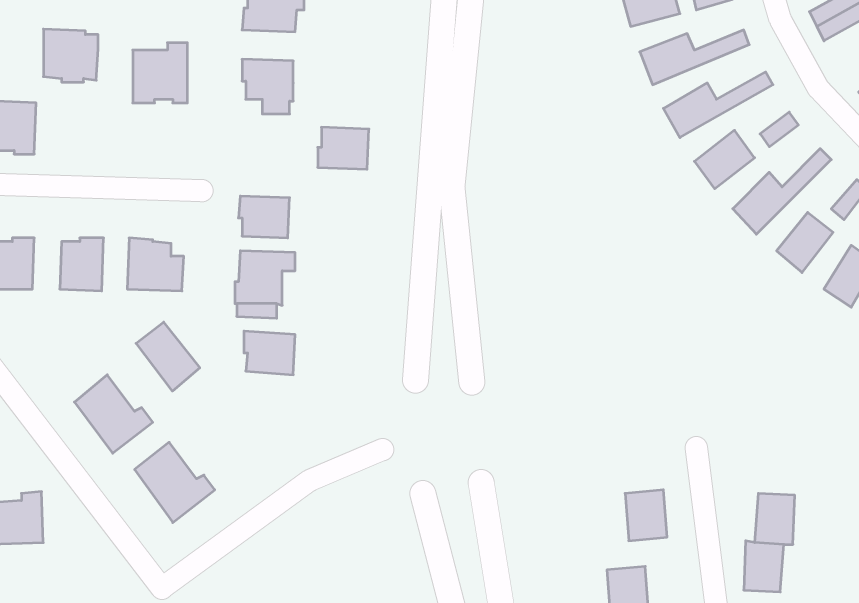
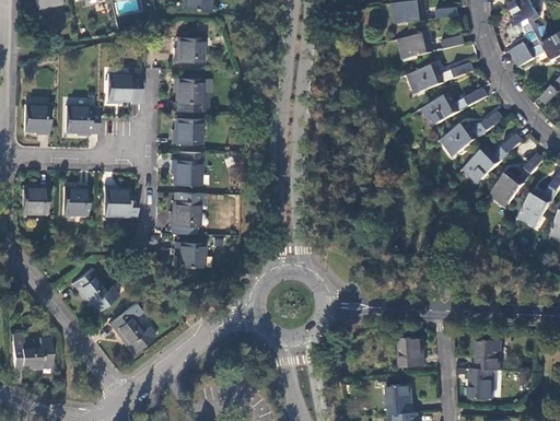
building: [43,29,98,82] -> [63,104,96,136]
building: [318,127,369,169] -> [170,118,200,143]
building: [136,322,200,391] -> none

